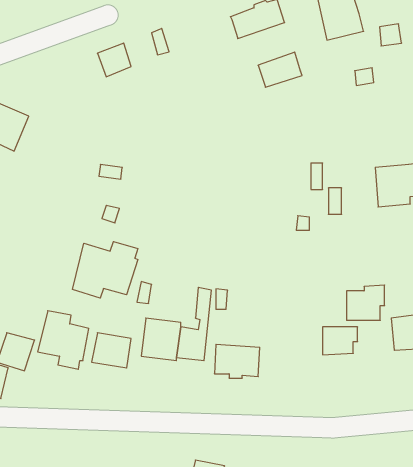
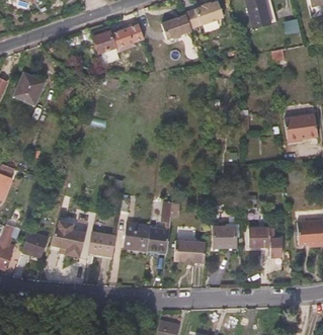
building: [258,52,302,87] -> [160,14,190,38]
building: [72,242,138,298] -> none
building: [347,285,385,320] -> [213,222,239,246]

